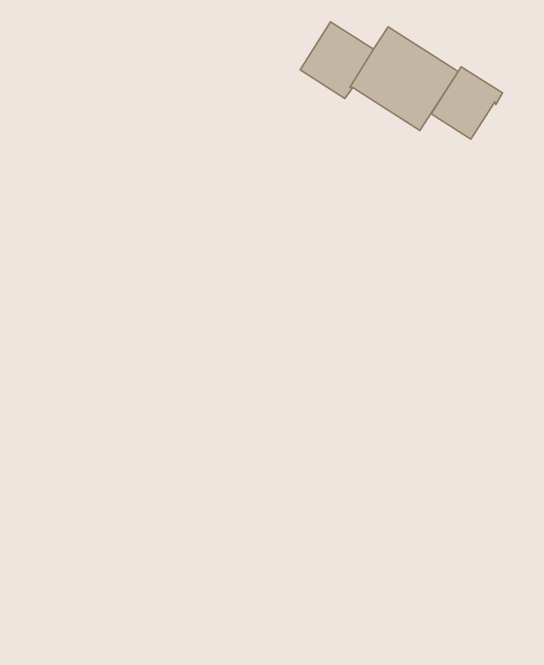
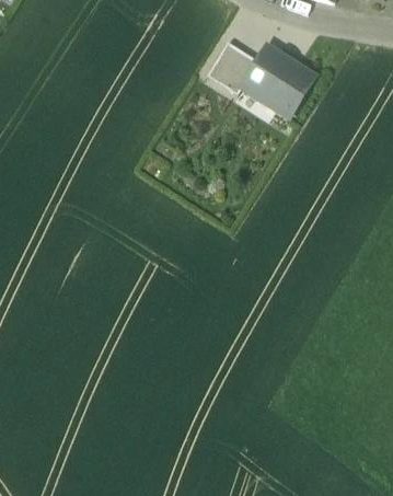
building: [431,67,503,139] -> none

